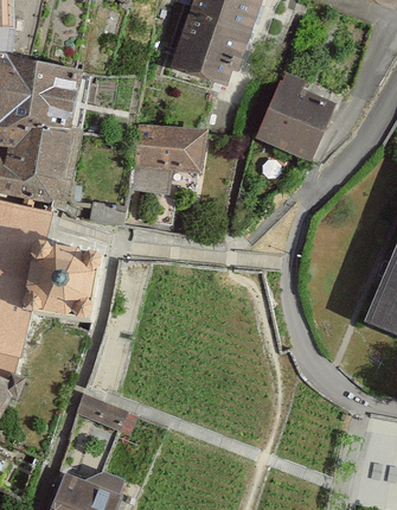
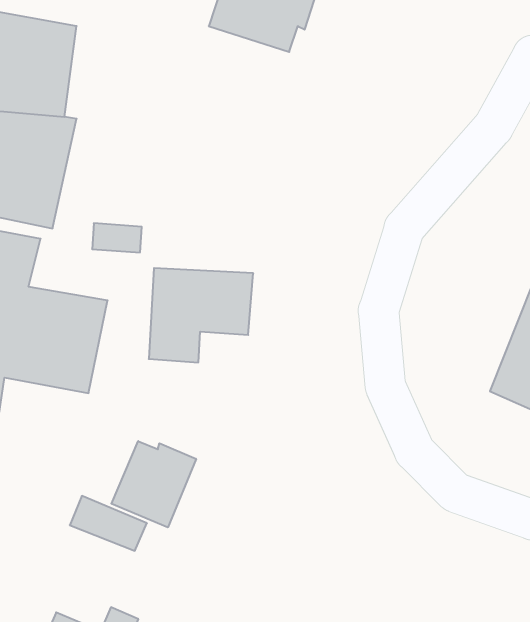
building: [256,74,333,159] -> none
building: [133,126,205,191] -> [149,268,253,362]
building: none -> [111,441,196,527]

